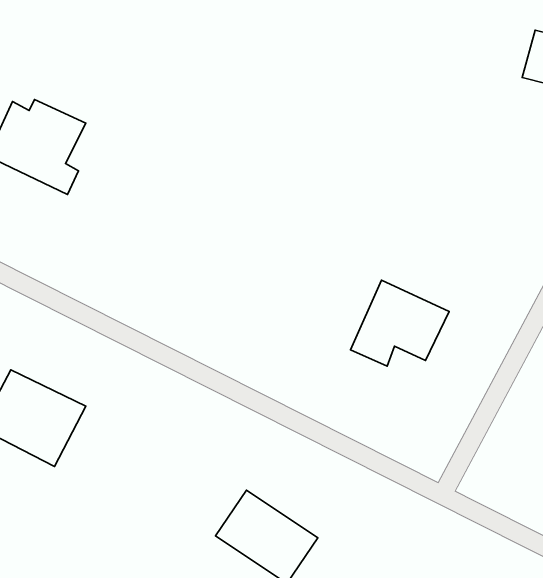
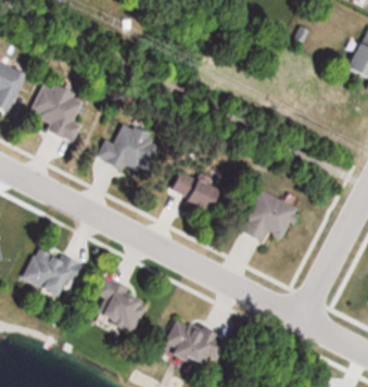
building: none -> [103,122,161,178]
building: none -> [168,167,224,212]
building: none -> [96,286,139,328]

